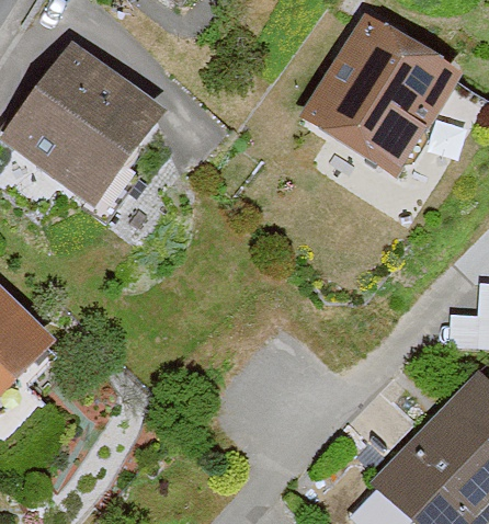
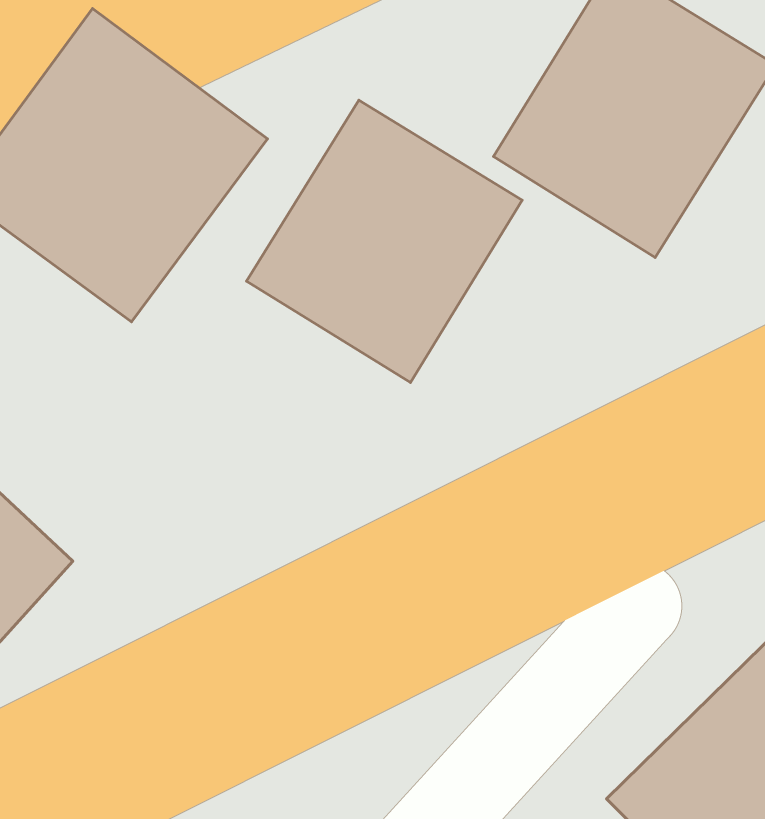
building: none -> [246,100,522,383]

